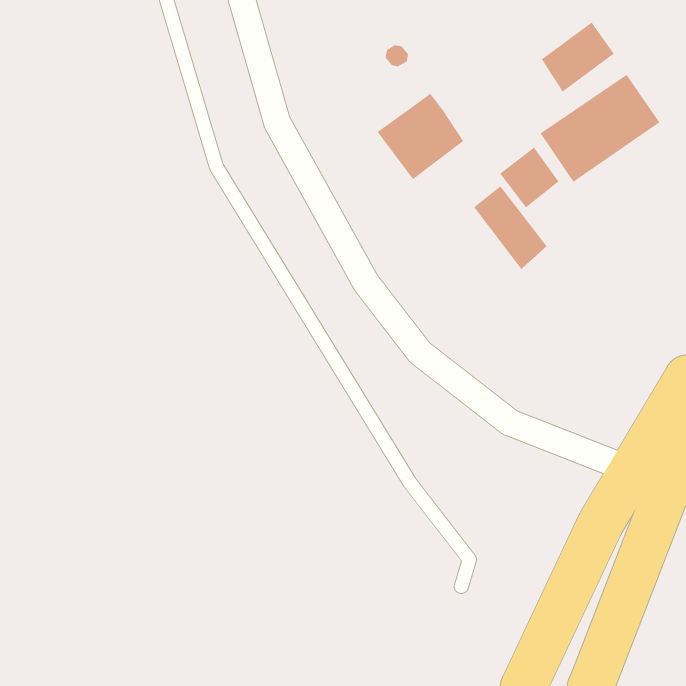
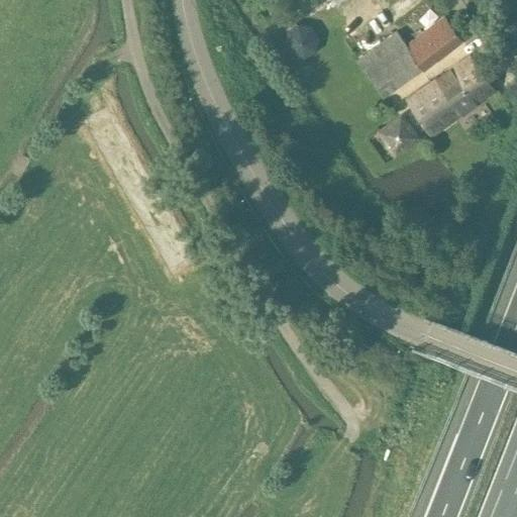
building: [377,93,464,180] -> [356,32,422,98]
building: [473,185,547,270] -> none

